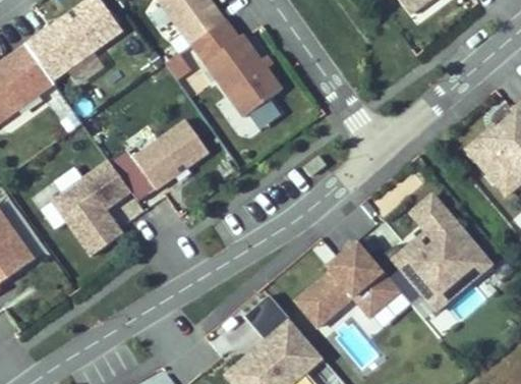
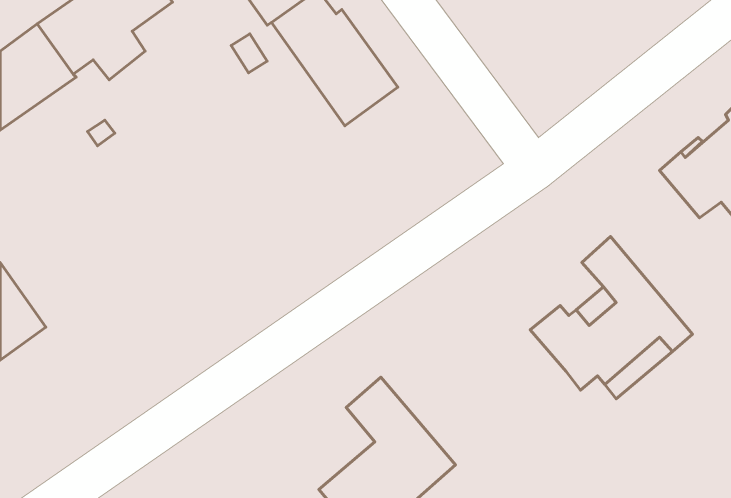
building: [134,119,210,189] -> none
building: [53,160,131,255] -> none
building: [296,240,401,326] -> none

